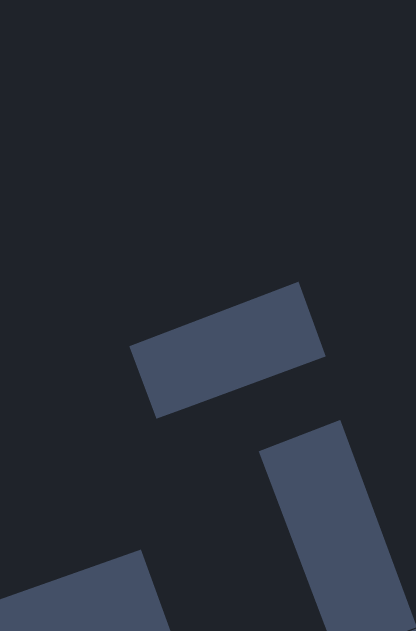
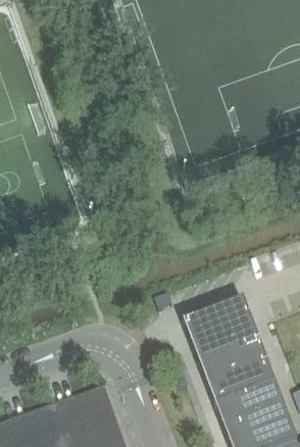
building: [129,281,326,420] -> none

